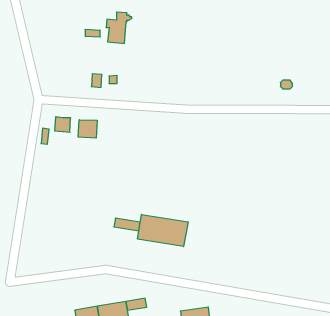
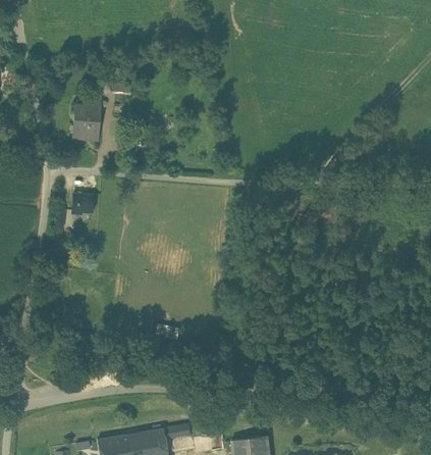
building: [106,12,132,43] -> [74,97,107,137]
building: [78,120,97,138] -> none
building: [138,214,188,247] -> none

